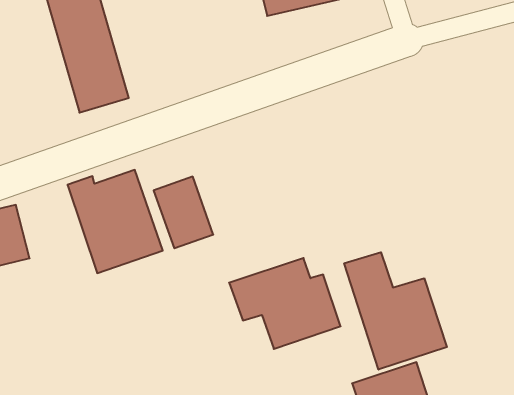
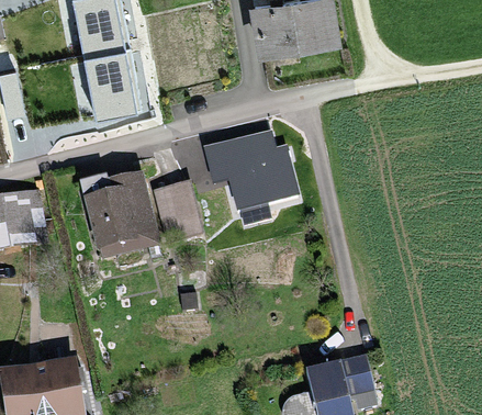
building: [344,252,447,370] -> none
building: [229,258,341,349] -> [205,131,296,205]

